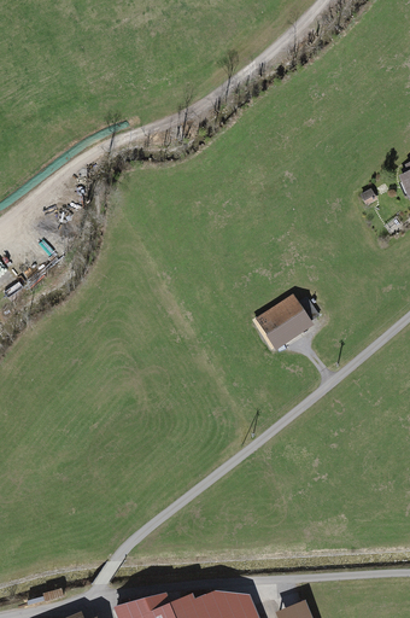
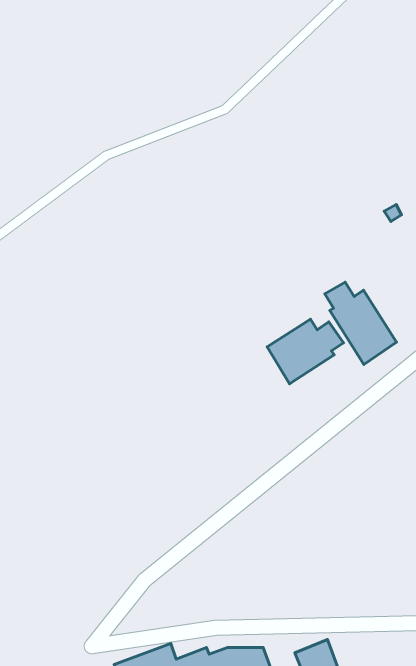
building: none -> [325,282,397,364]

